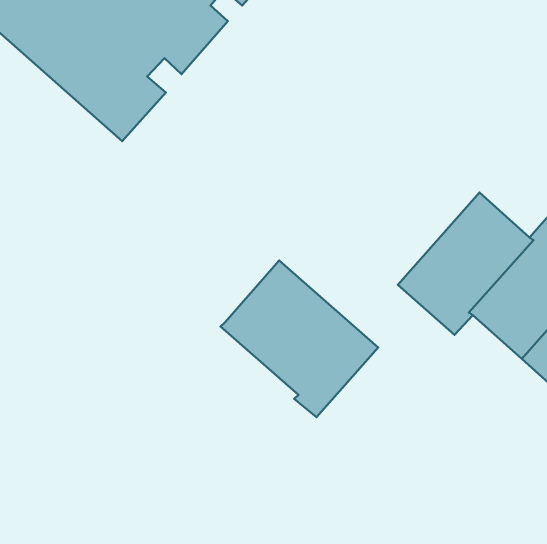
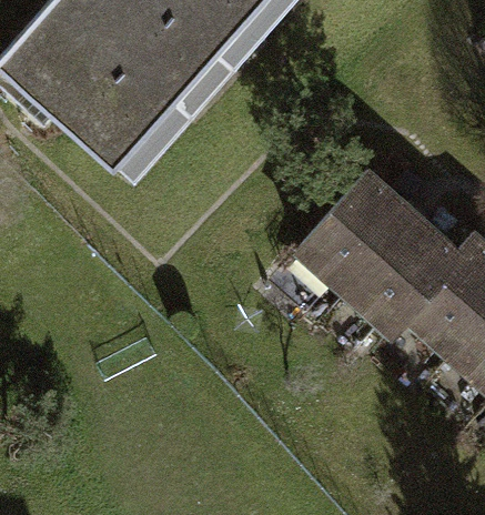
building: none -> [297,173,414,293]
building: [221,261,378,417] -> none

